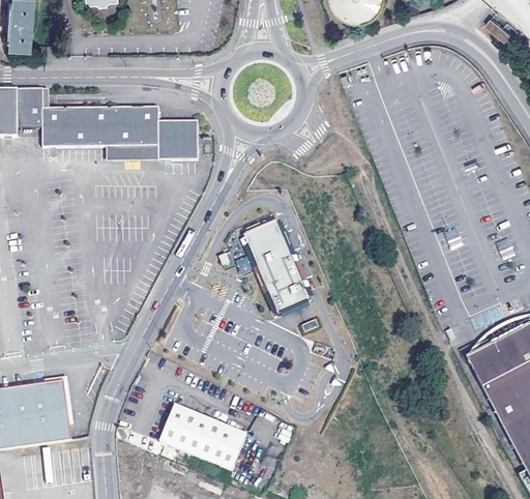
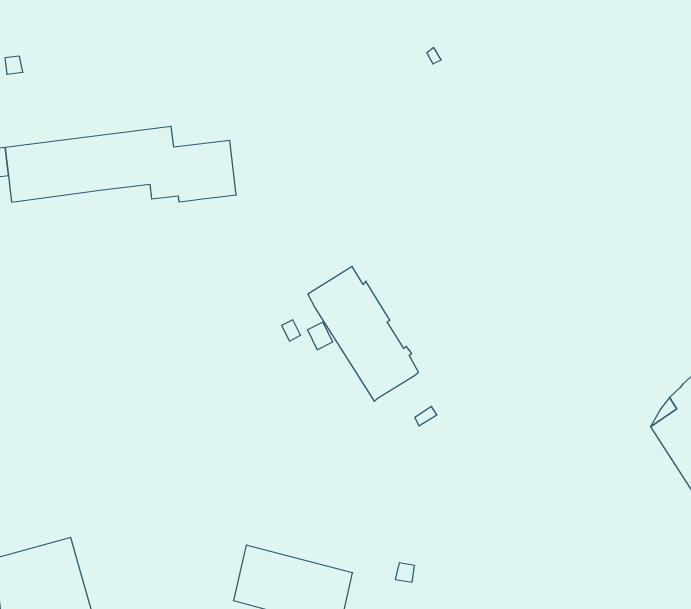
building: [106,144,157,158] -> none

